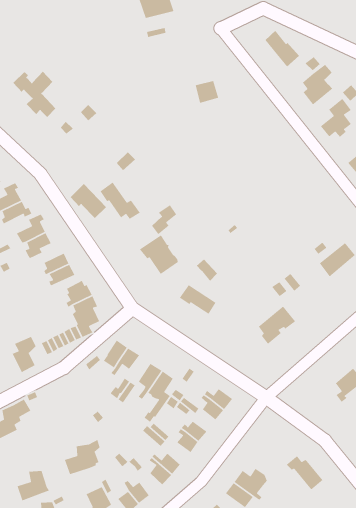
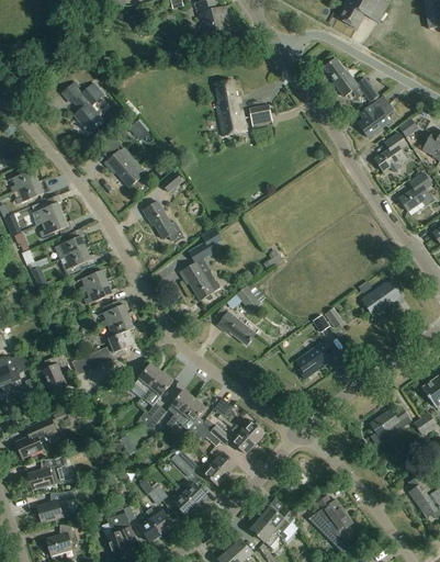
building: none -> [214,79,248,136]
building: [70,183,107,219] -> [104,149,142,187]
building: [64,439,101,475] -> [27,454,66,490]

